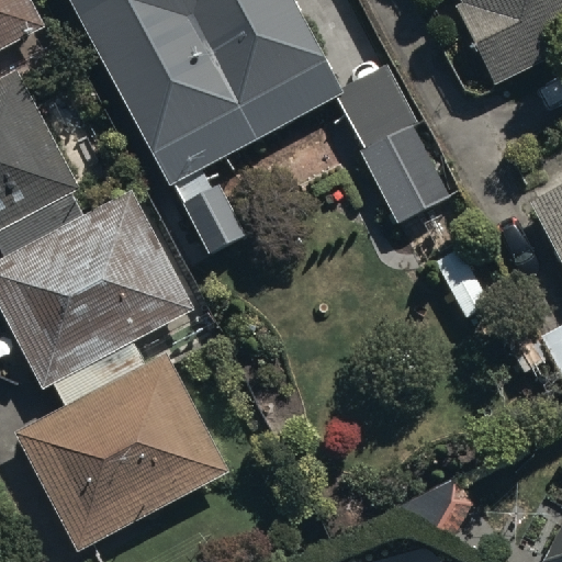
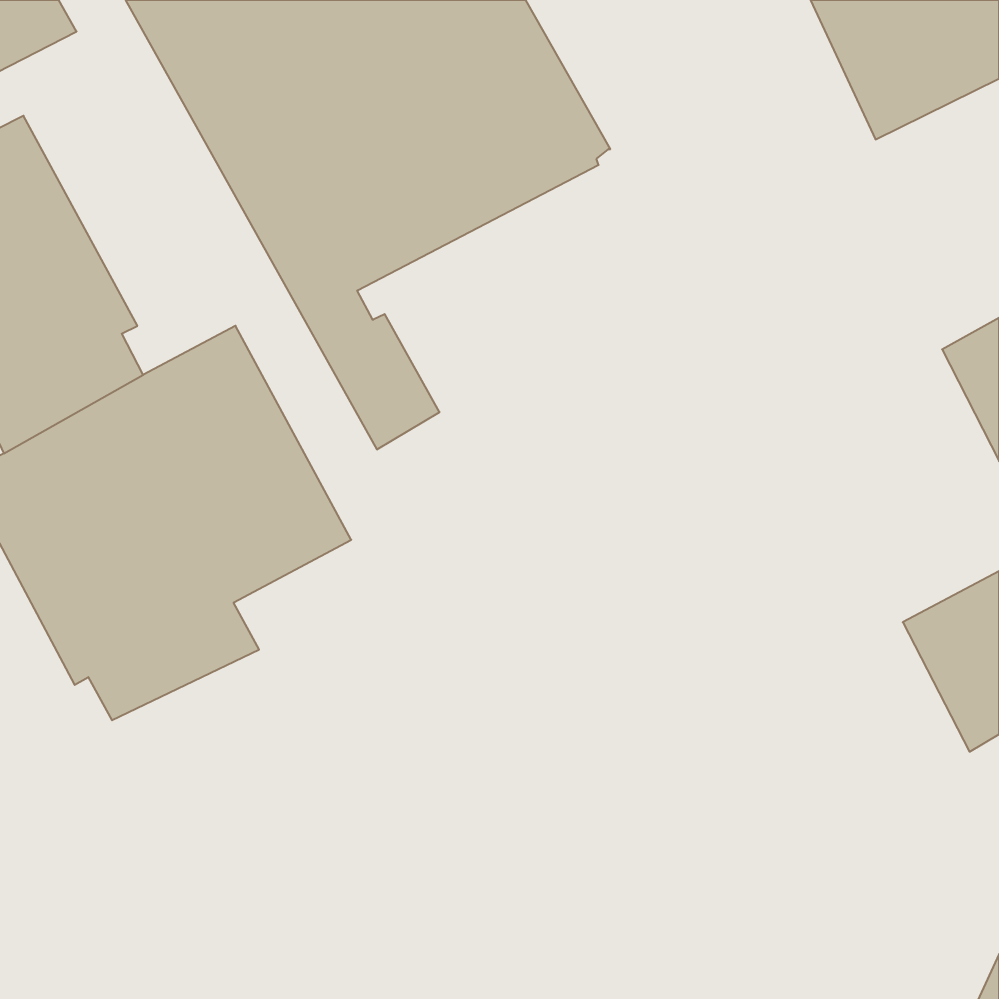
building: [334,63,453,225] -> none
building: [14,353,231,551] -> none

